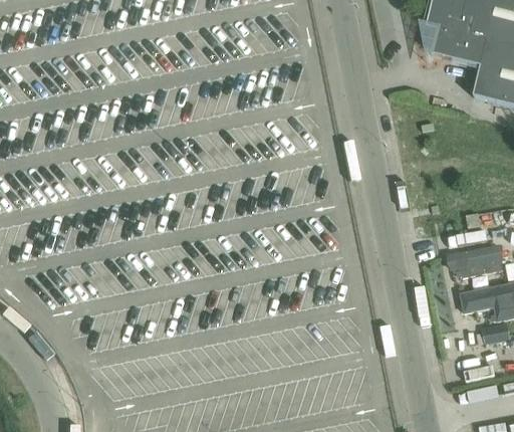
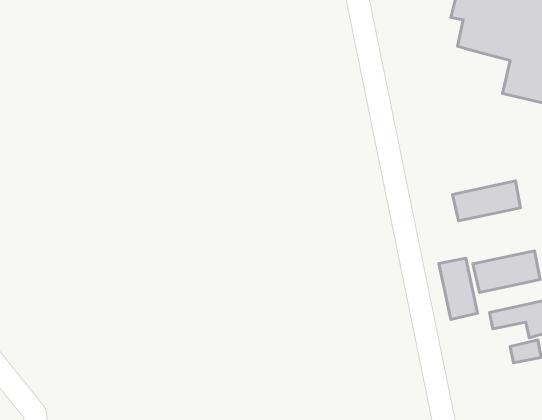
building: none -> [452,181,521,221]
building: none -> [439,258,477,320]

